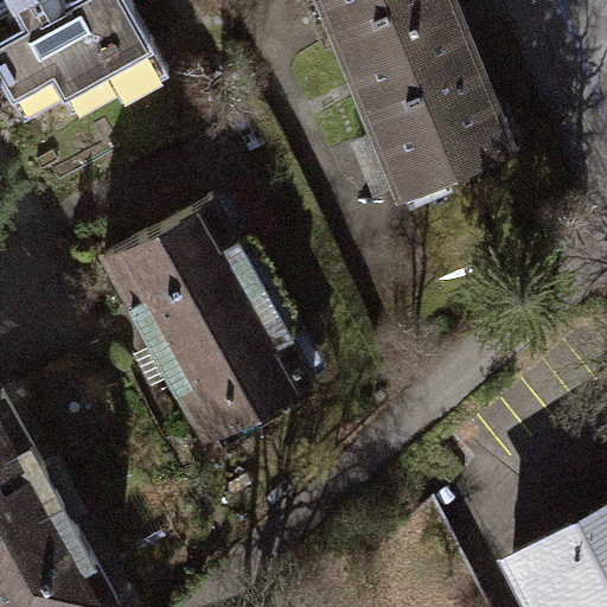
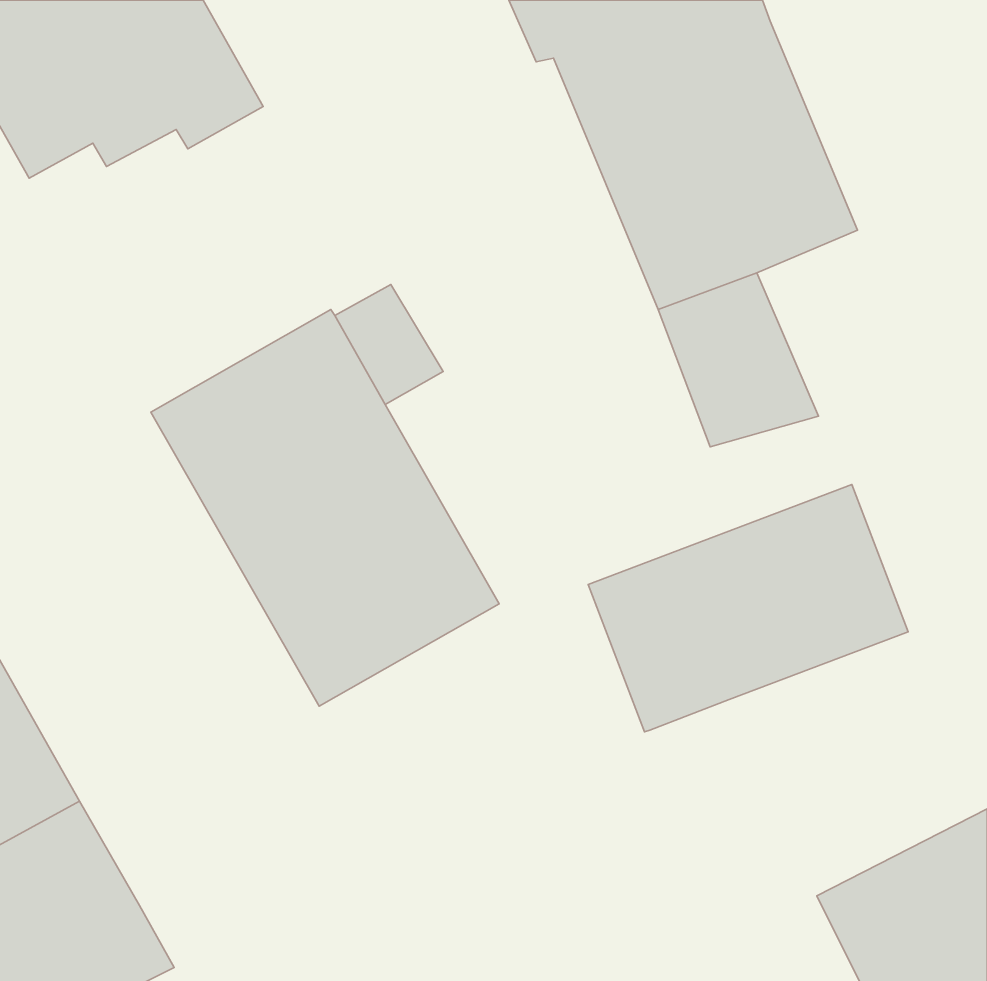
building: none -> [588,485,908,732]

